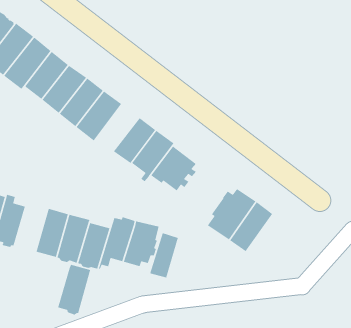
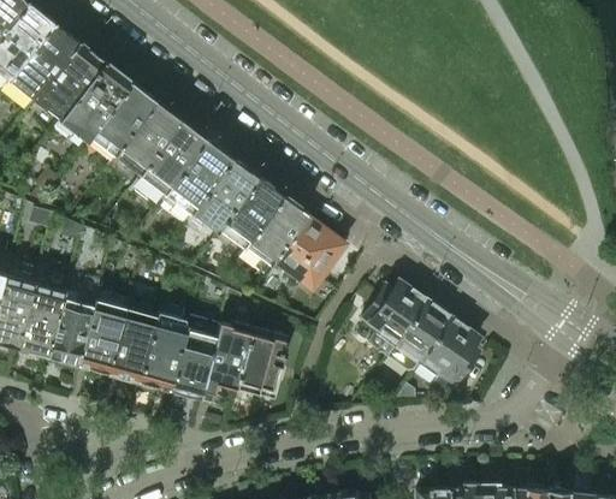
building: none -> [189,159,259,236]
building: none -> [413,317,481,394]
building: [149,232,179,279] -> none
building: [57,264,91,315] -> [77,301,126,375]

